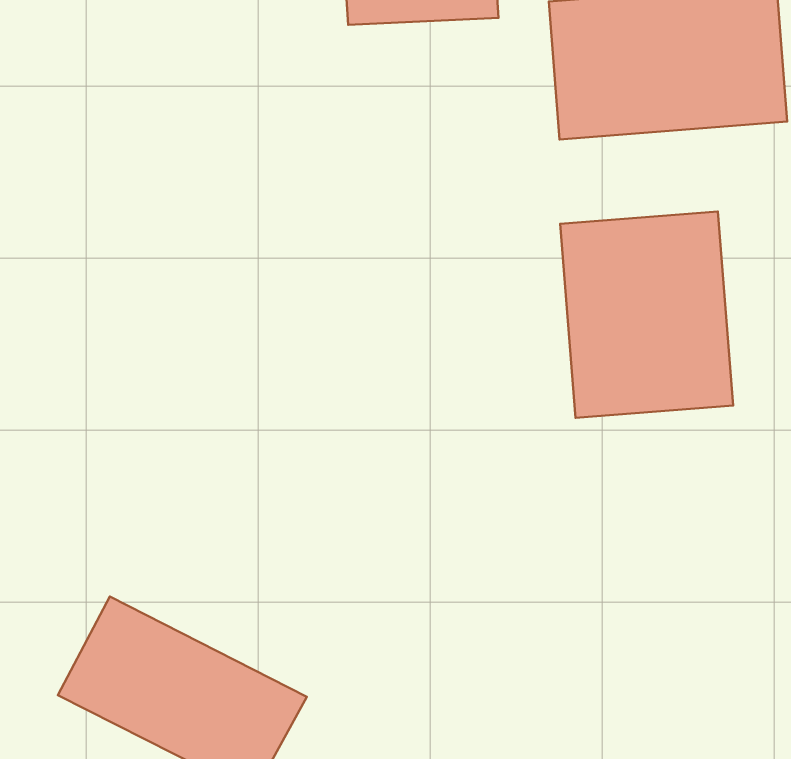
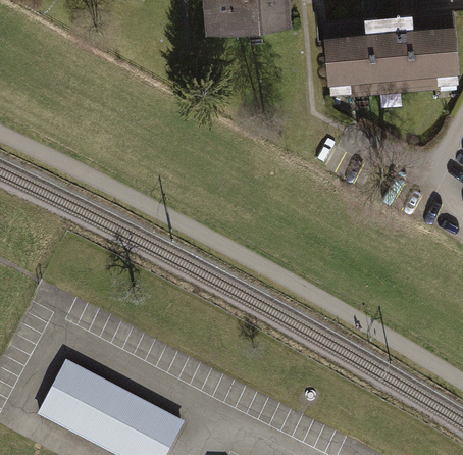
building: [560,211,733,418] -> none

